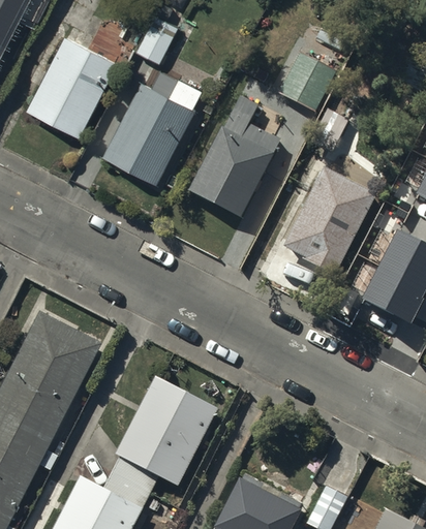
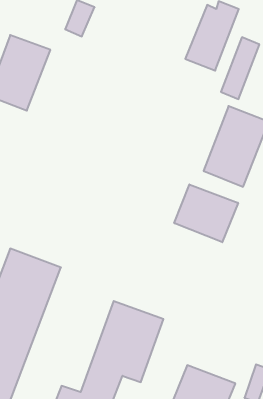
building: [102,65,201,179] -> none
building: [189,91,277,211] -> none
building: none -> [174,184,238,242]

